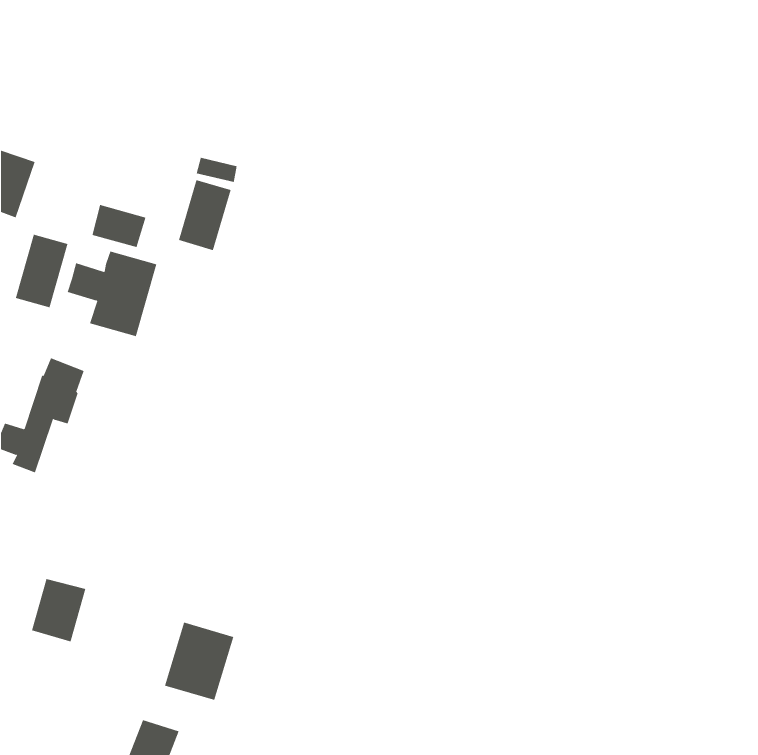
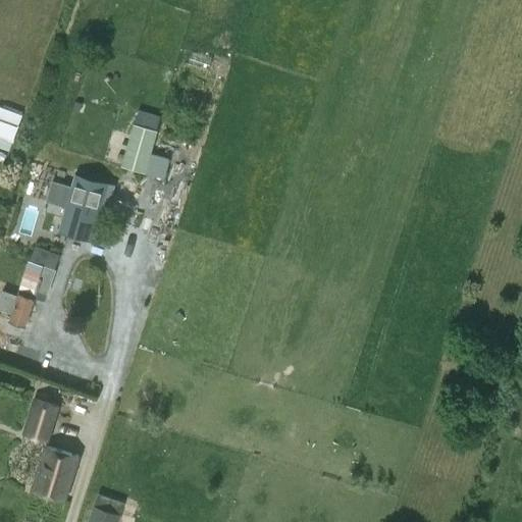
building: [92,204,146,248] -> none
building: [15,234,68,308] -> none
building: [164,622,234,701] -> [31,448,79,502]

